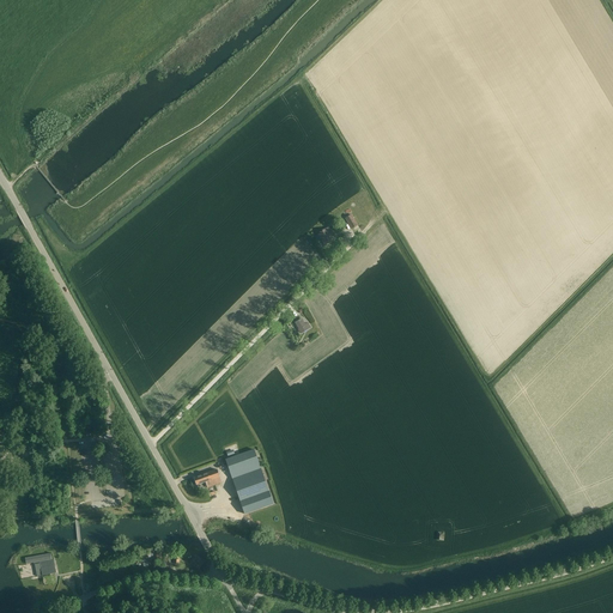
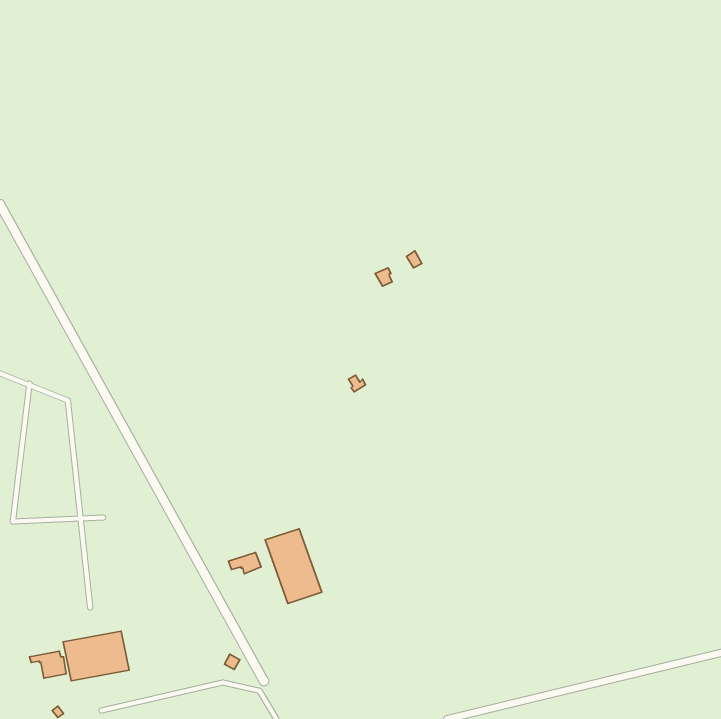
building: none -> [63,631,129,681]

